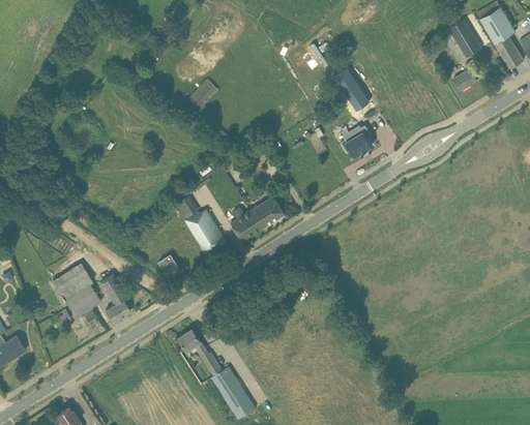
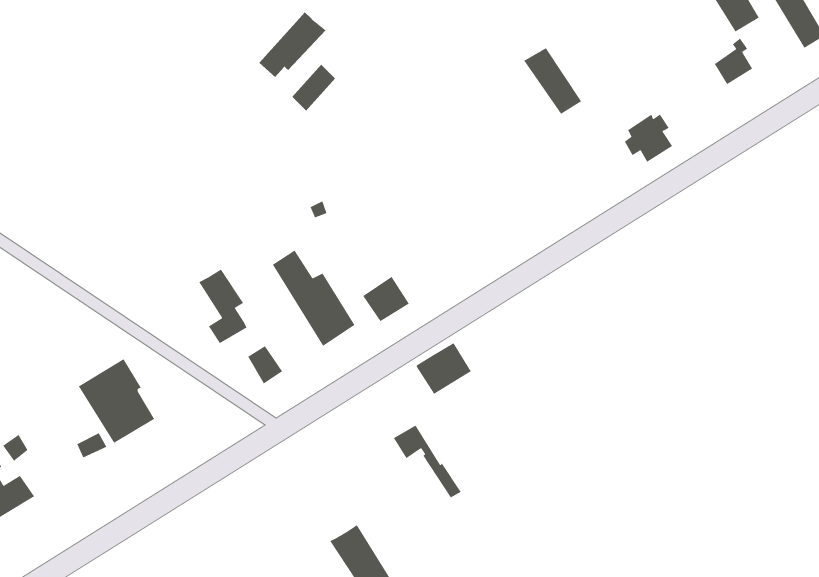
building: none -> [259,12,327,78]
building: [341,125,372,156] -> [624,113,673,163]
building: [249,195,285,229] -> [416,342,472,395]
building: [98,274,129,322] -> [198,269,247,344]
building: [178,329,222,375] -> [393,425,462,499]

